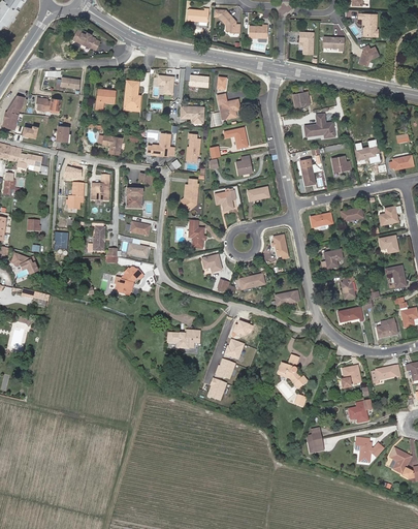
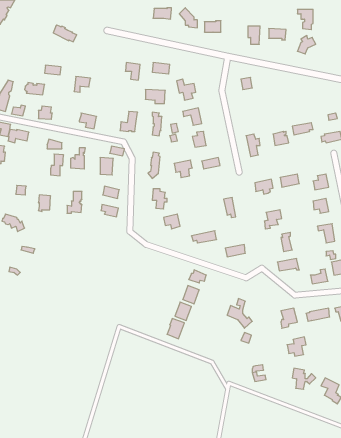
building: [124,81,141,112] -> none
building: [304,115,334,138] -> none
building: [115,268,143,297] -> none
building: [167,330,200,348] -> none

